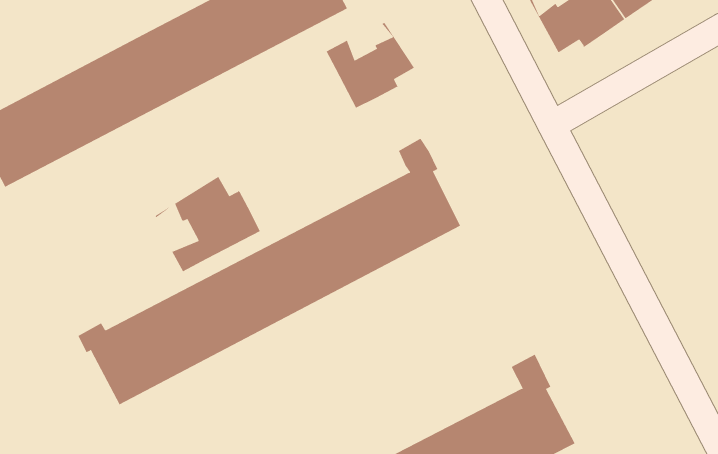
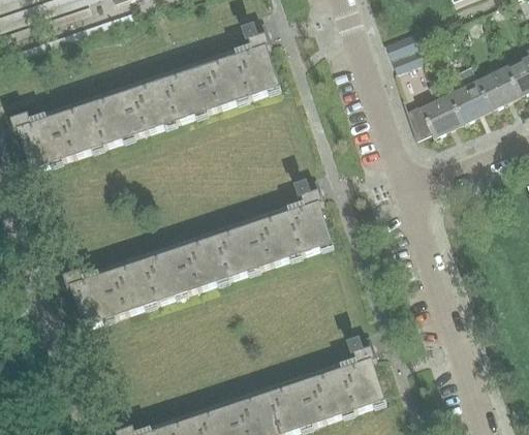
building: [326,22,416,109] -> none
building: [155,174,261,272] -> none

